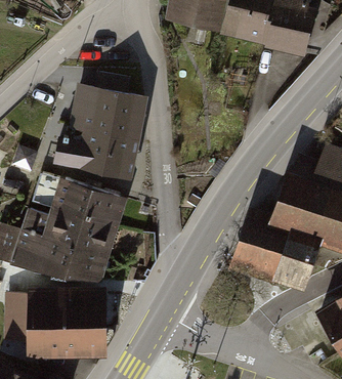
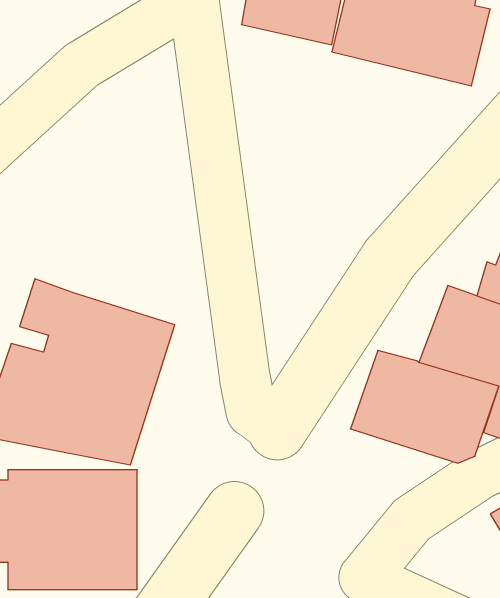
building: [52,82,149,178] -> none

